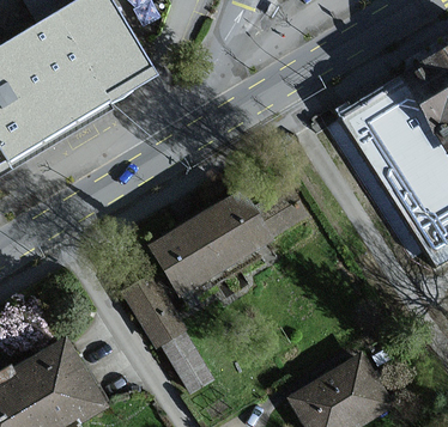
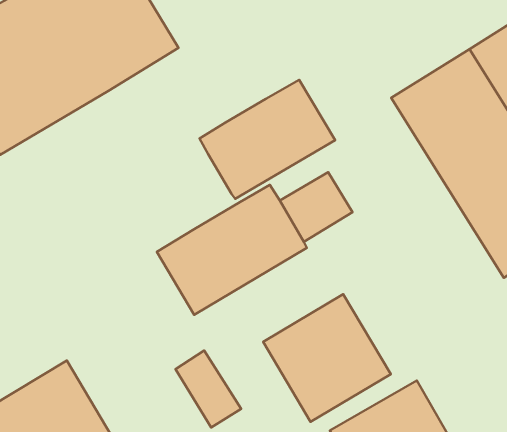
building: none -> [199,80,335,199]
building: [120,274,184,347] -> none
building: none -> [263,294,391,422]

